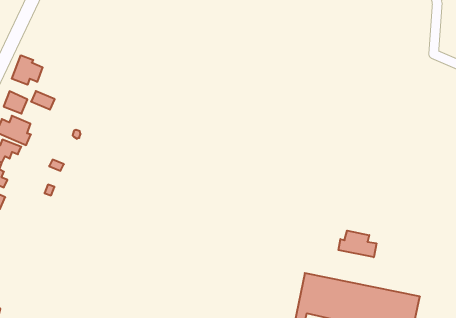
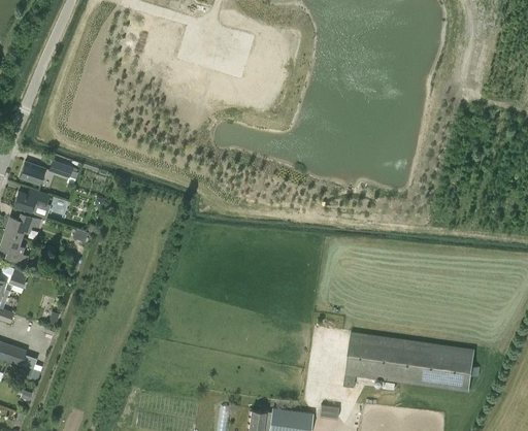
building: [12,55,43,85] -> none
building: [338,231,376,257] -> none

